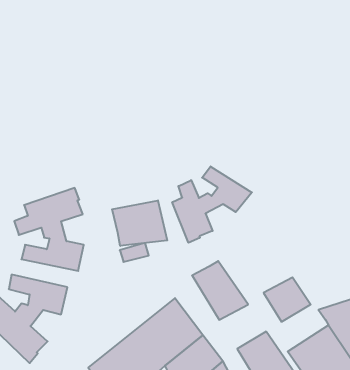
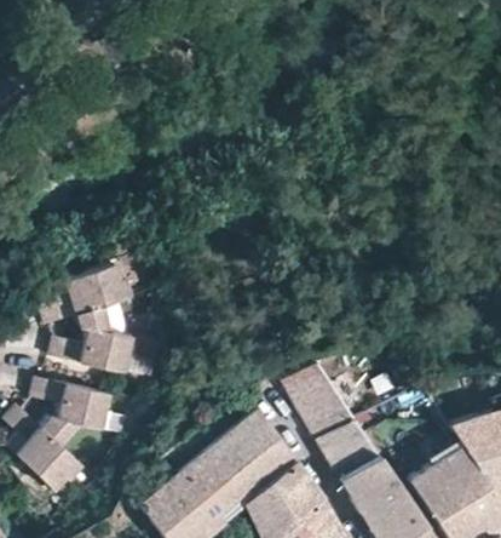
building: [172,166,252,243] -> none
building: [112,200,167,246] -> none
building: [264,277,311,322] -> [316,418,379,477]

